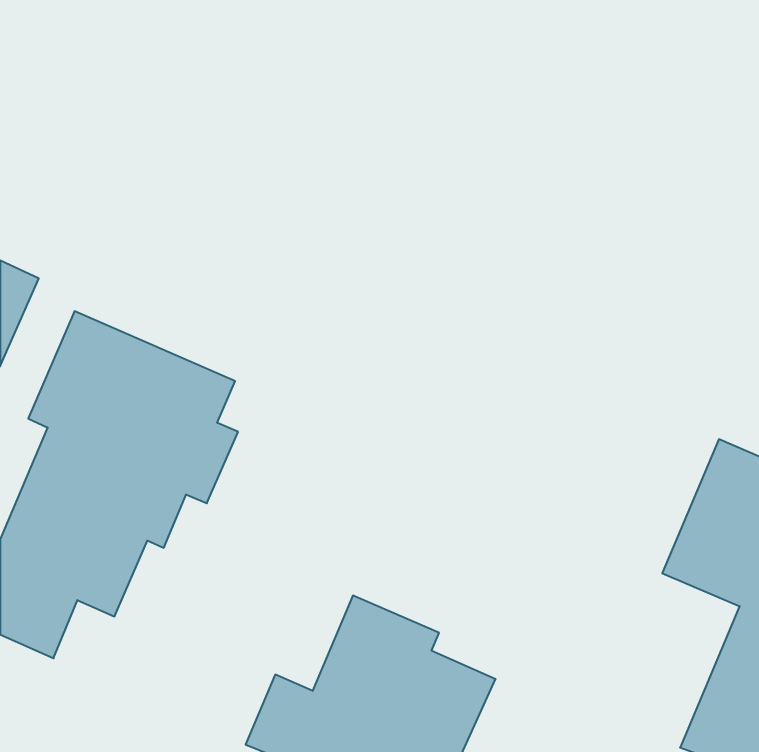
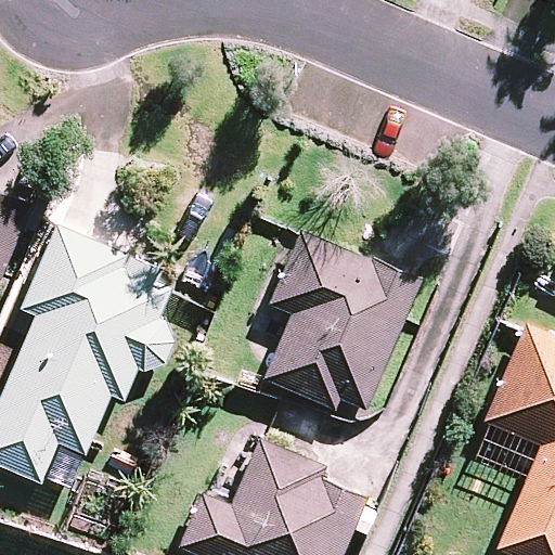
building: none -> [263,234,416,411]

